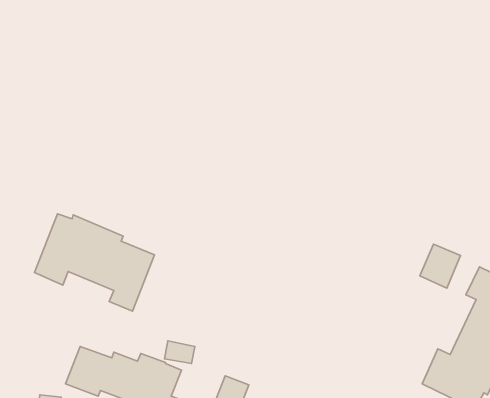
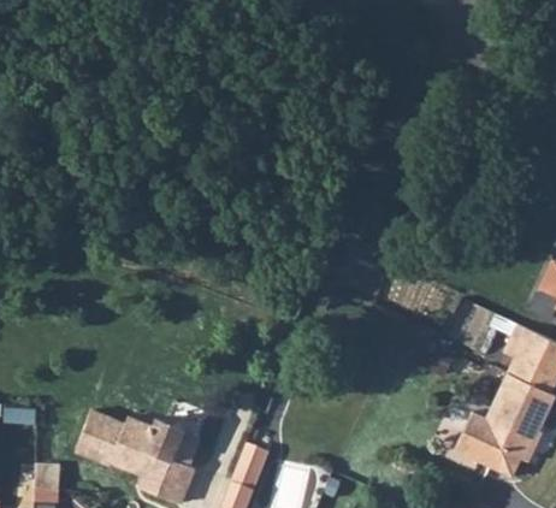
building: [34,214,155,311] -> none

